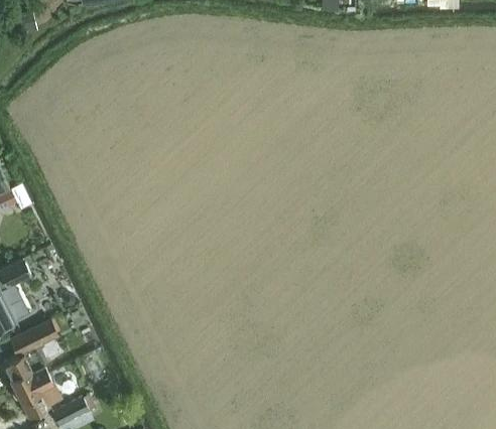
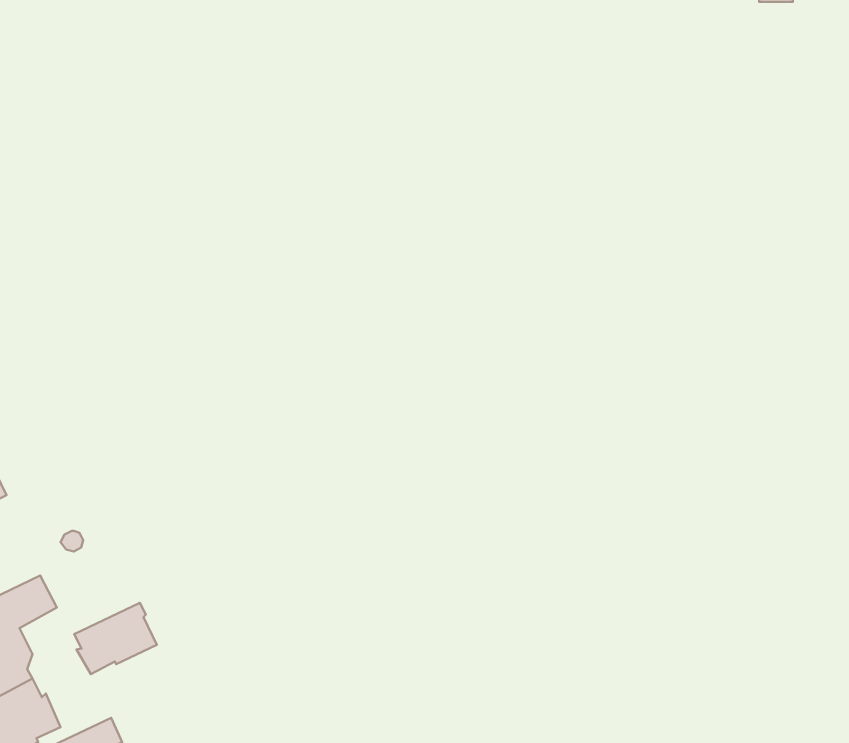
building: none -> [74,603,157,674]

